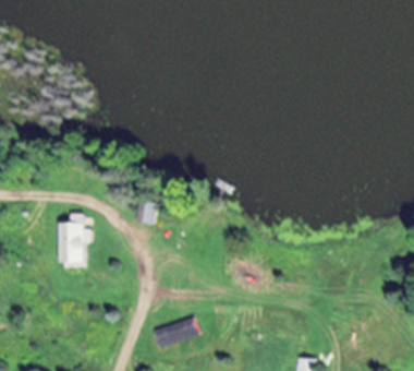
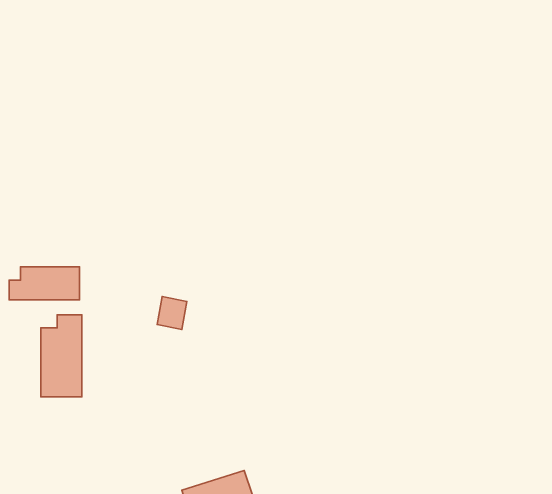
building: none -> [9,267,80,300]

